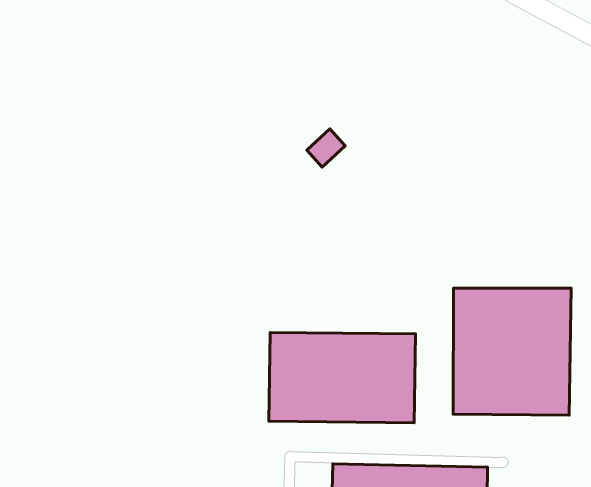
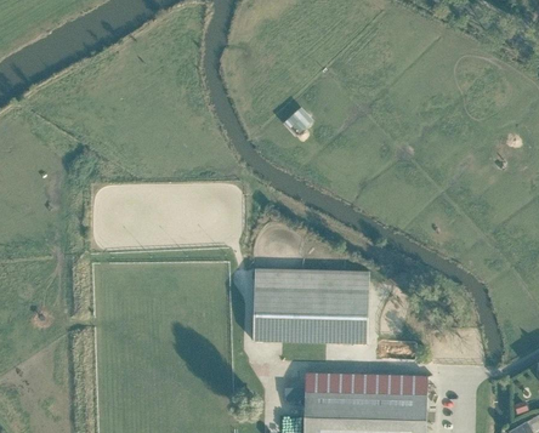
building: [453,288,571,415] -> none

